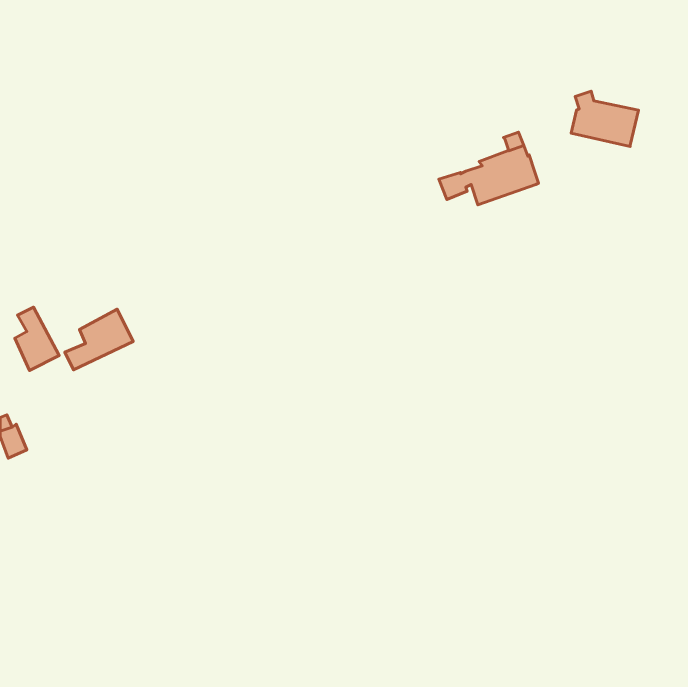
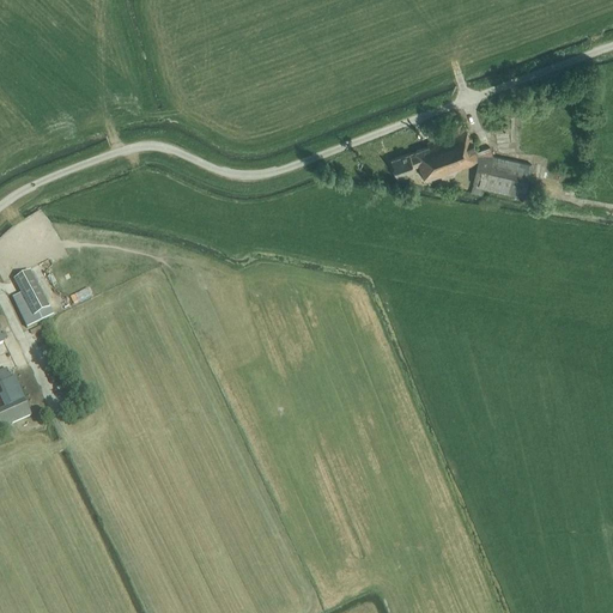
building: [571,91,638,146] -> [472,148,532,198]
building: [65,309,133,370] -> none

